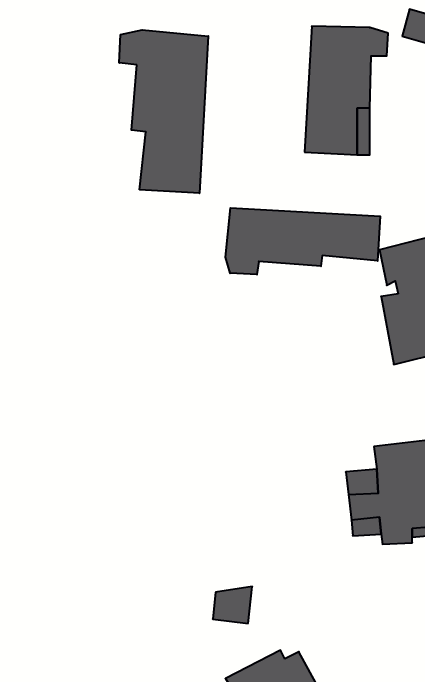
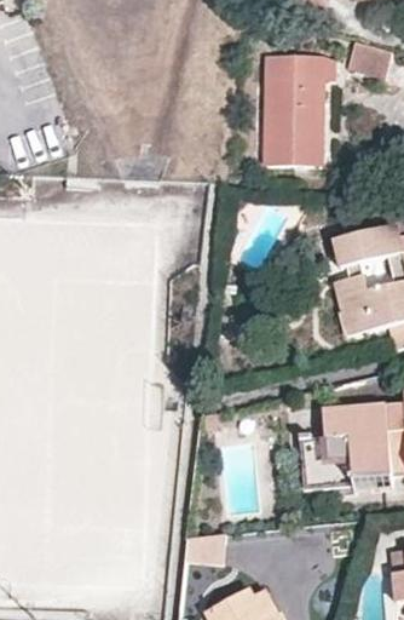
building: [119,30,208,193] -> none
building: [225,208,380,275] -> none

